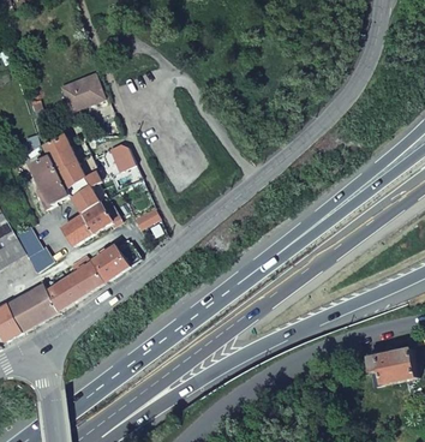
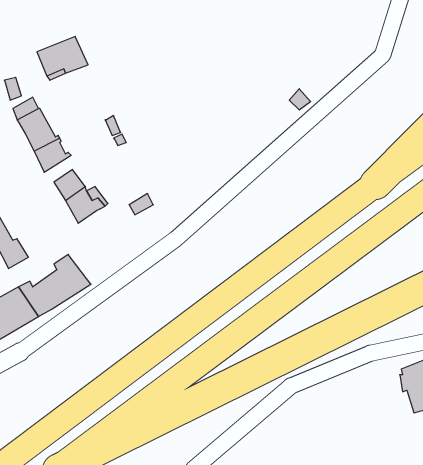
building: [32,156,68,208] -> none
building: [61,213,94,245] -> none
building: [94,246,127,281] -> none

